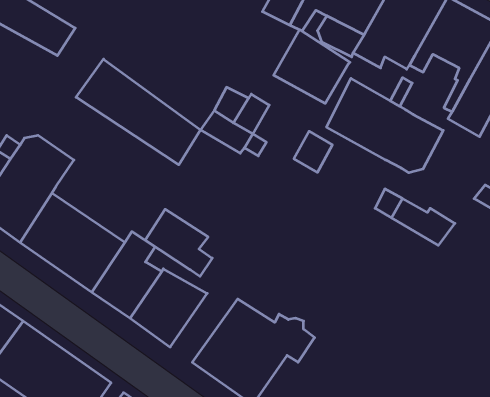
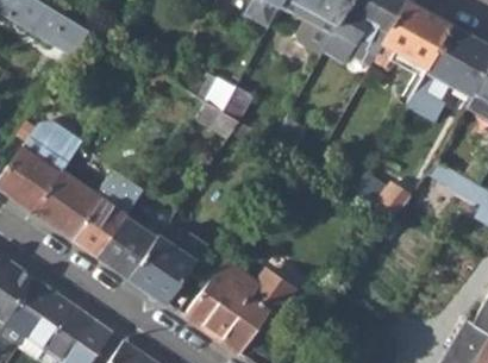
building: [274,30,350,103] -> none
building: [76,59,200,165] -> none
building: [327,78,443,173] -> none
building: [145,209,212,276] -> none

